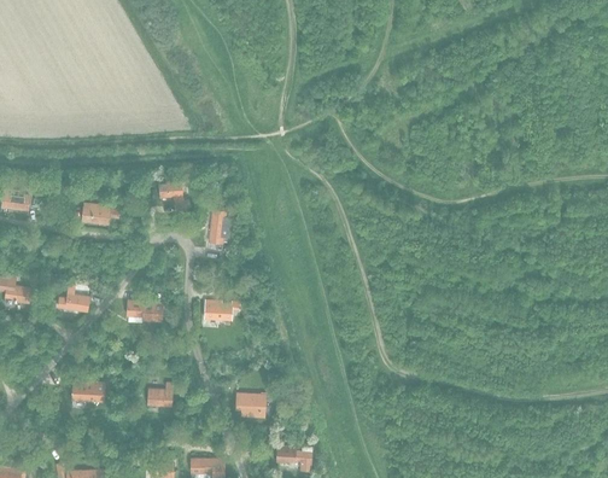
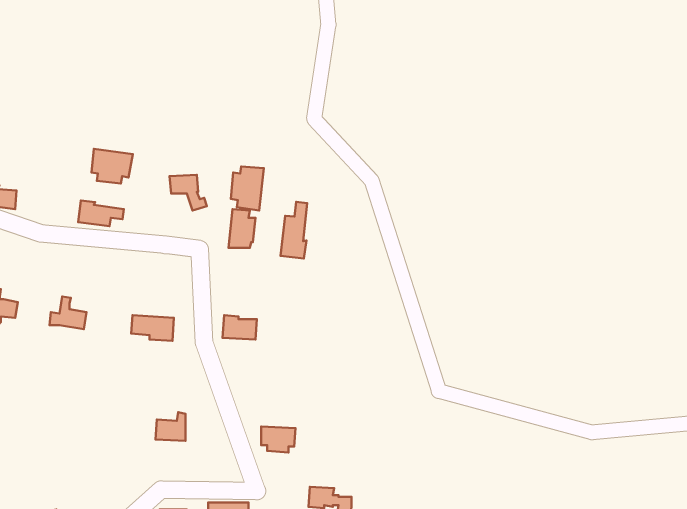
building: none -> [92,149,133,183]
building: none -> [231,166,264,211]
building: none -> [281,202,307,258]
building: [72,383,105,402] -> none

